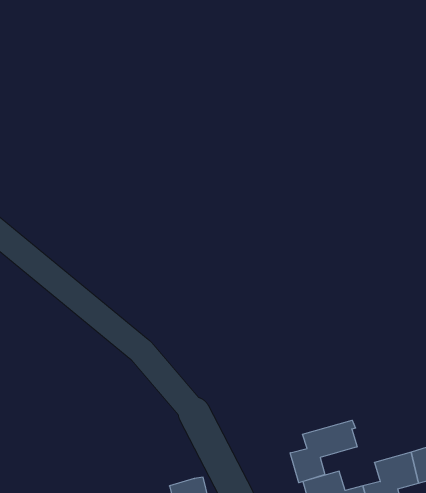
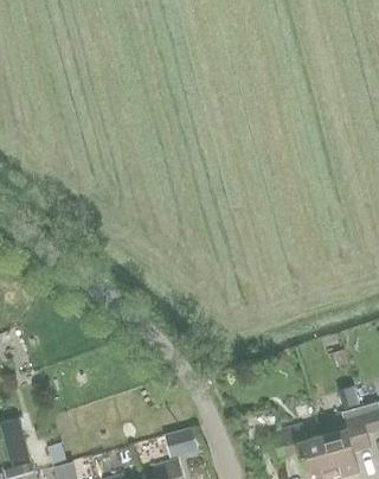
building: [290,420,357,483] -> none

